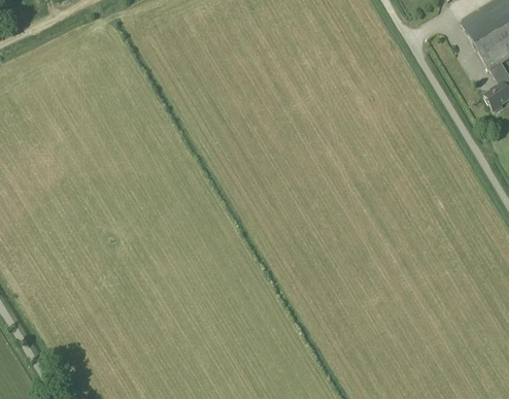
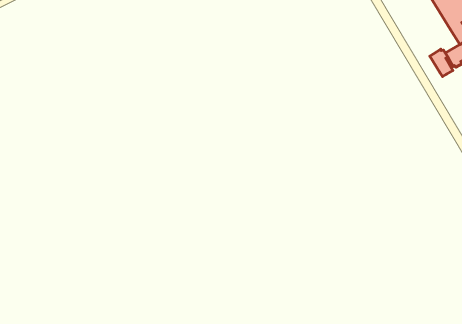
building: none -> [430,49,453,77]

